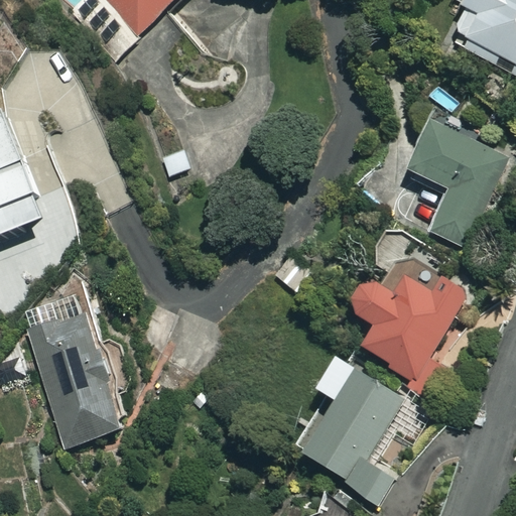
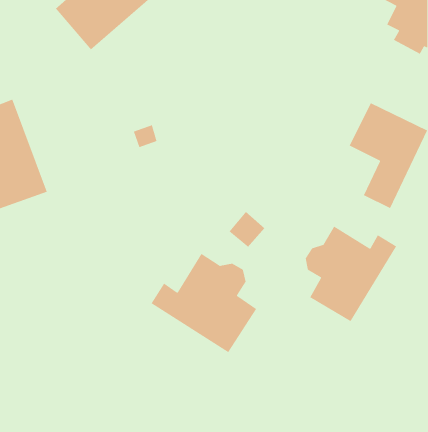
building: [26,289,126,447] -> none
building: none -> [150,253,257,353]
building: [307,360,401,498] -> none

